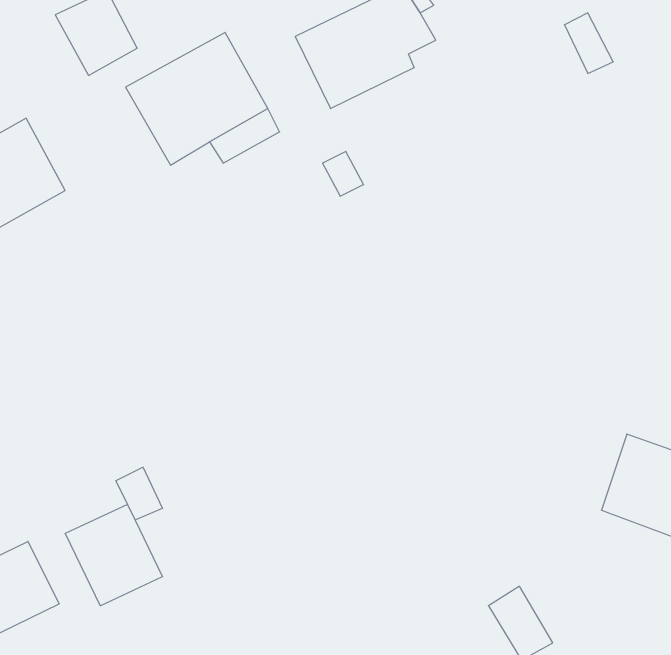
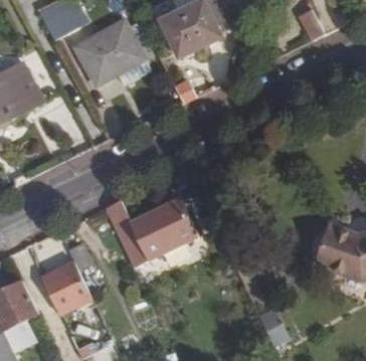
building: none -> [104,199,196,267]

